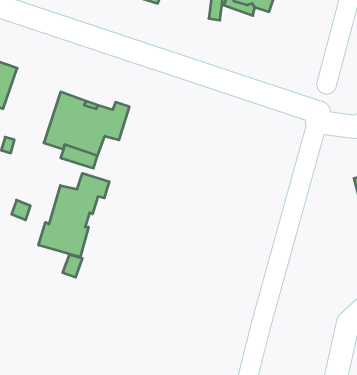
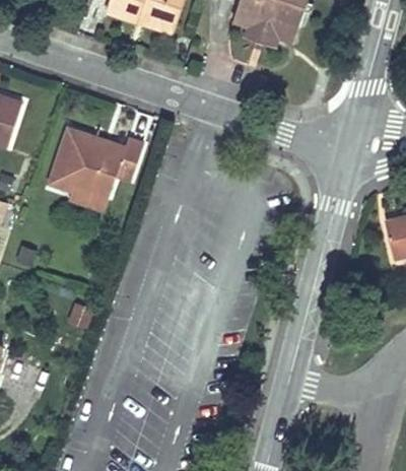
building: [39,173,109,257] -> none

